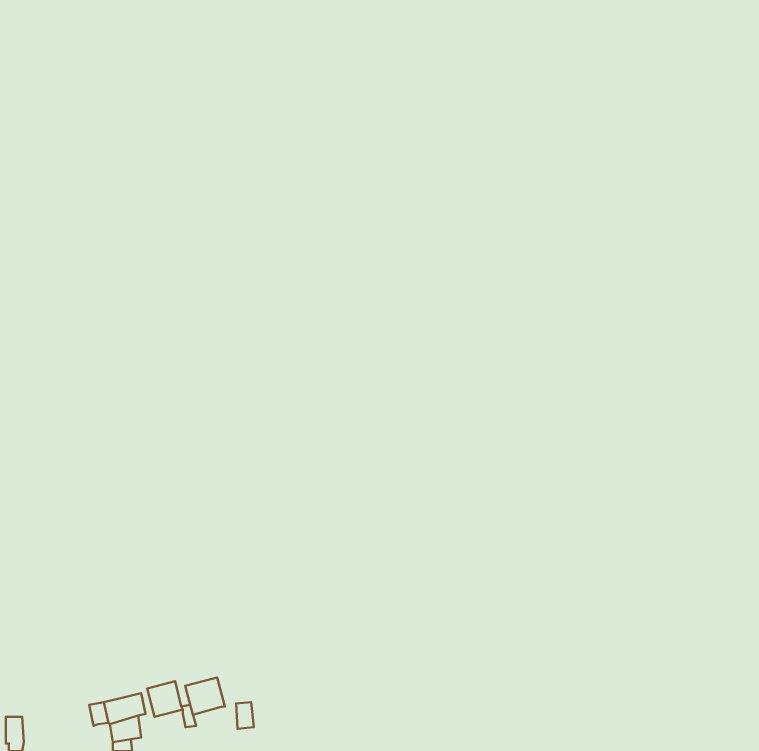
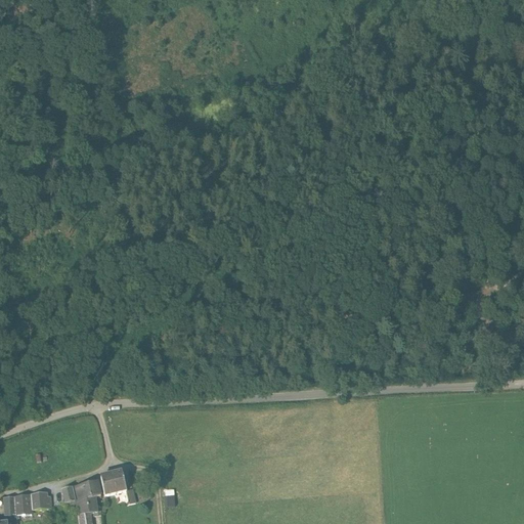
building: [185,677,225,715] -> none
building: none -> [15,490,50,512]

